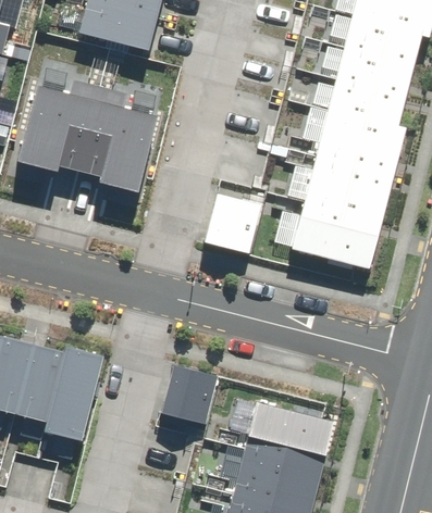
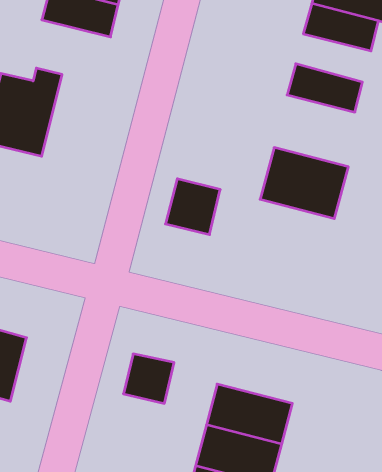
building: [336,48,412,97] -> none
building: [79,89,156,186] -> none
building: [314,110,404,183] -> none
building: [292,215,375,266] -> none
building: [45,348,100,439] -> none

